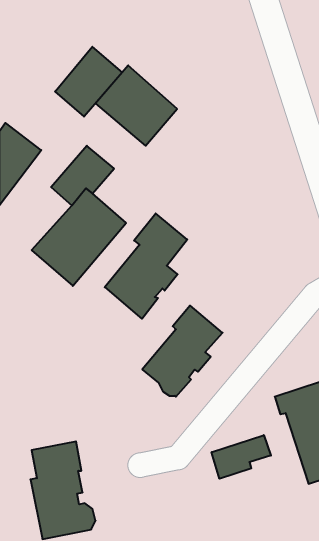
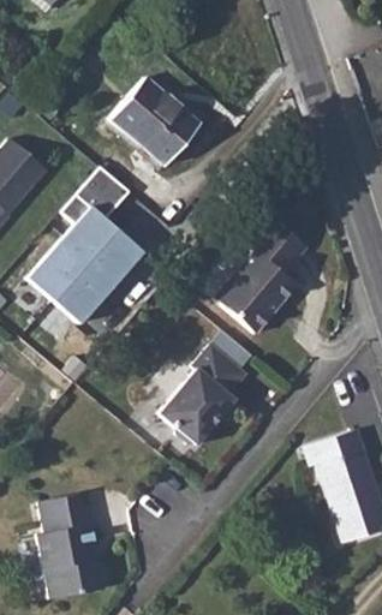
building: [55,47,122,117] -> none
building: [105,213,187,319] -> [216,217,308,334]
building: [212,435,271,479] -> none

